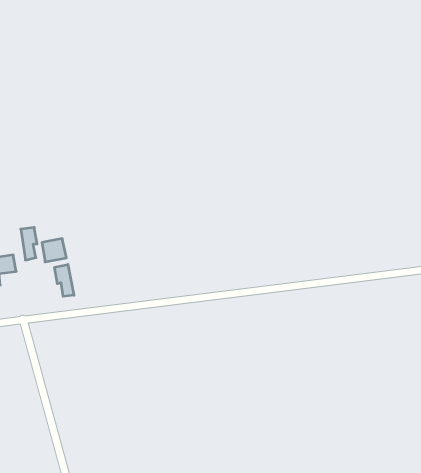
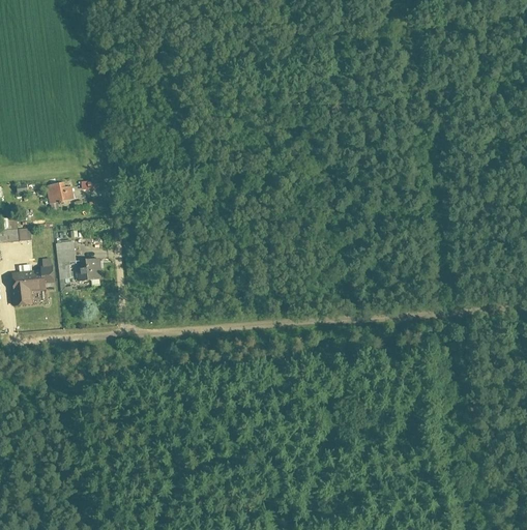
building: none -> [48,183,76,204]
building: [55,264,74,296] -> none

